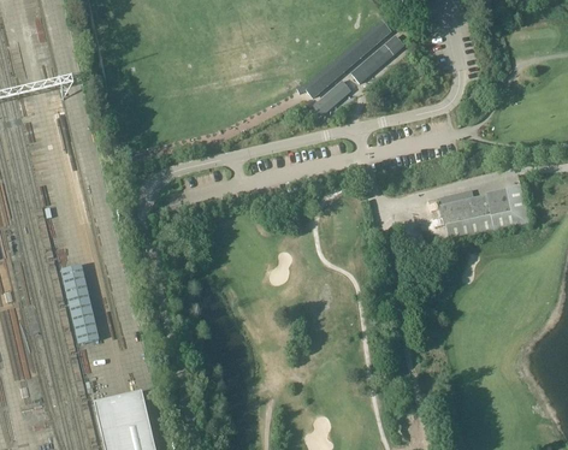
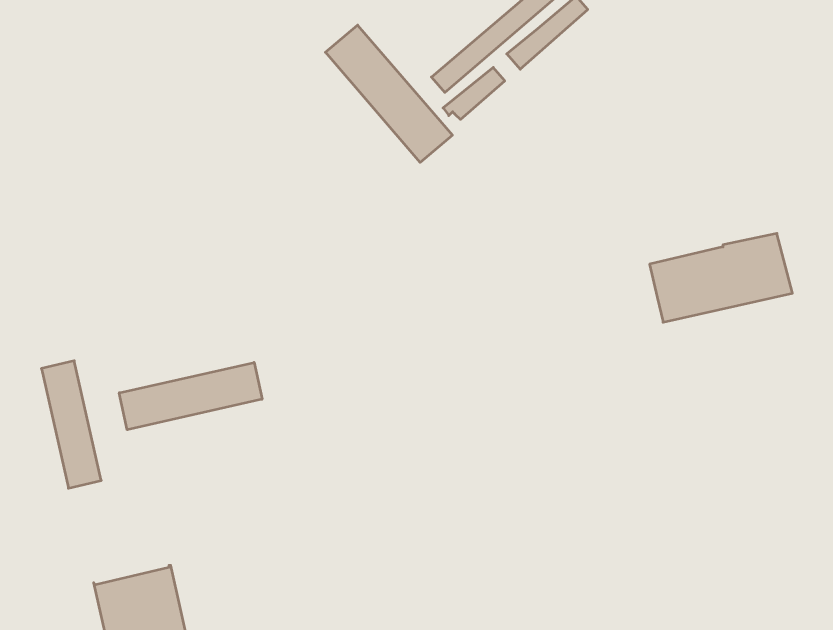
building: none -> [325,25,452,162]
building: none -> [119,362,262,430]

